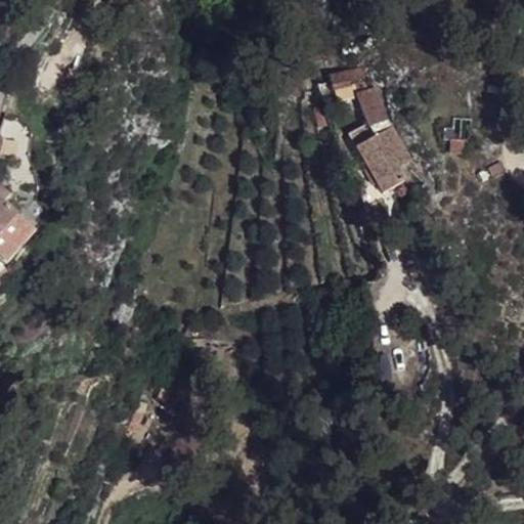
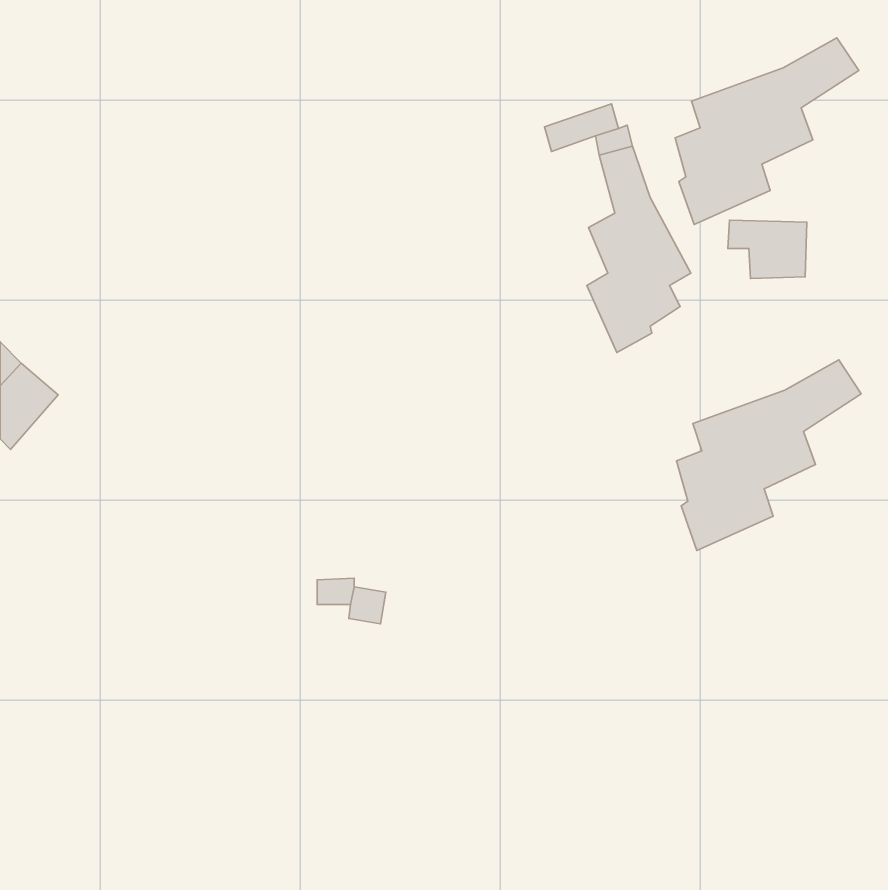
building: none -> [675,38,859,225]
building: none -> [677,360,861,550]

